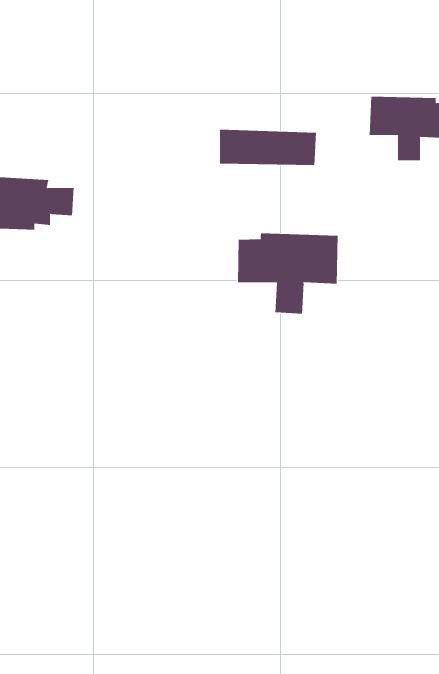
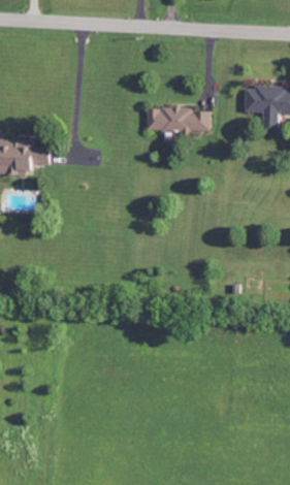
building: [238,233,338,314] -> none

